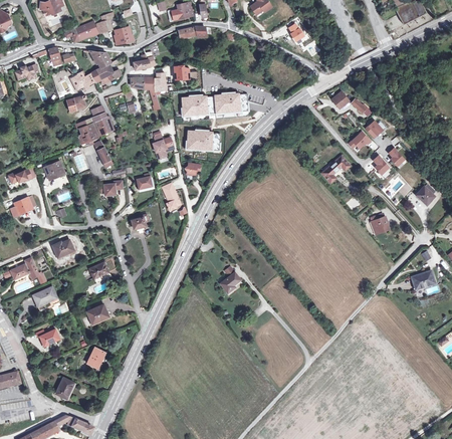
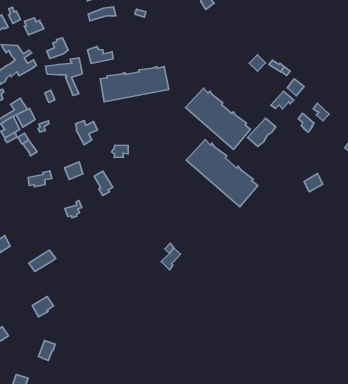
building: none -> [186,88,251,149]
building: [188,131,221,151] -> none
building: none -> [186,139,258,207]

